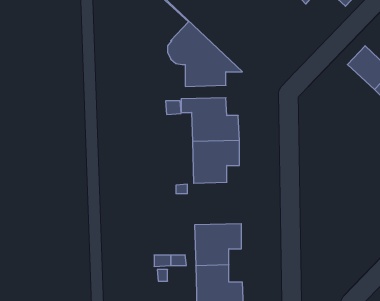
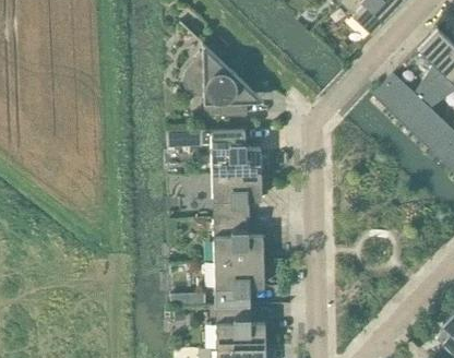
building: none -> [213,218,263,263]

